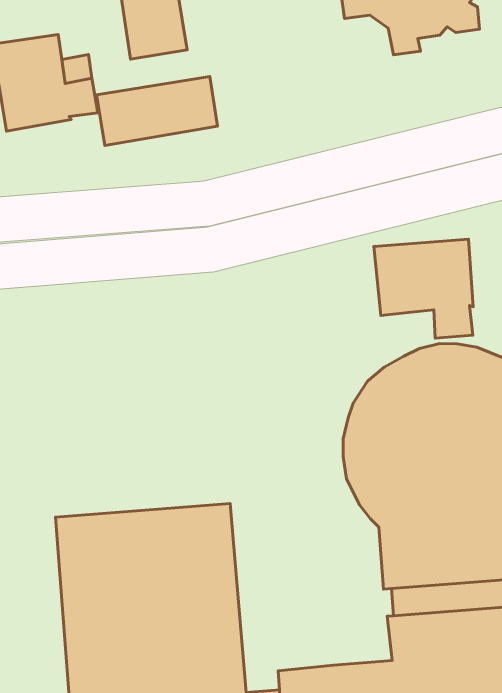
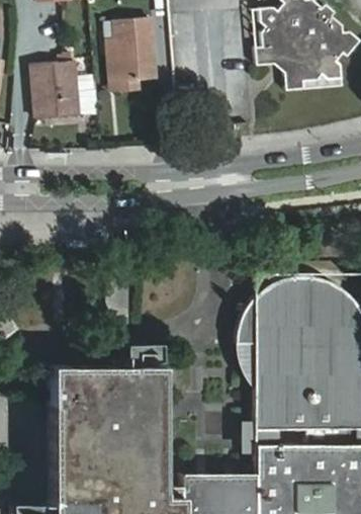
building: [97,77,218,145] -> none
building: [374,239,473,338] -> none

